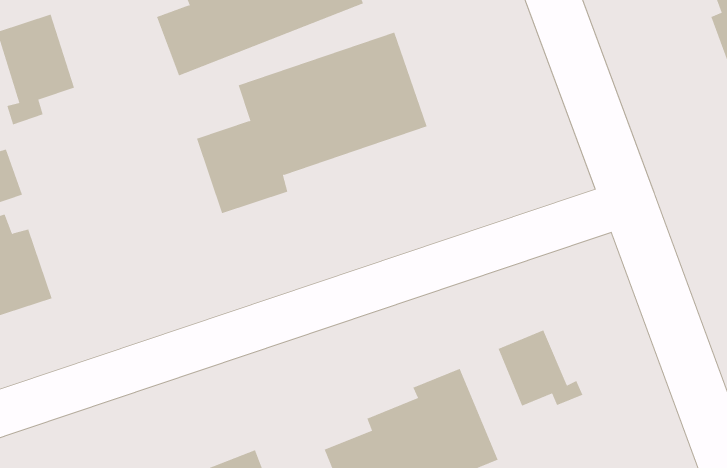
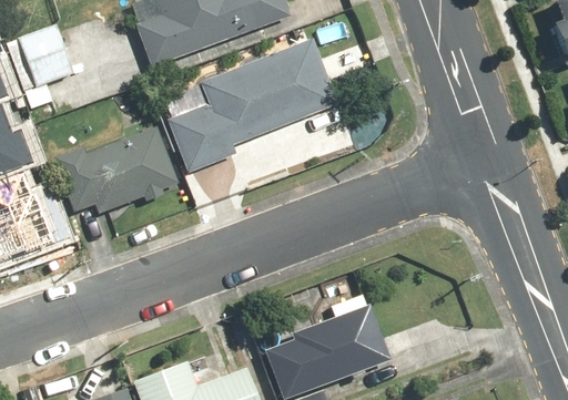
building: none -> [50,125,180,219]
building: [498,330,583,406] -> none

